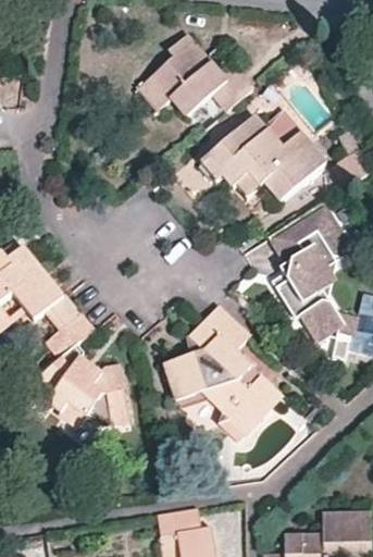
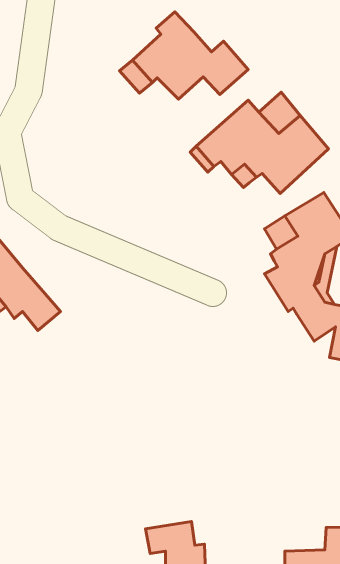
building: [166,302,278,429] -> none
building: [39,310,128,426] -> none

